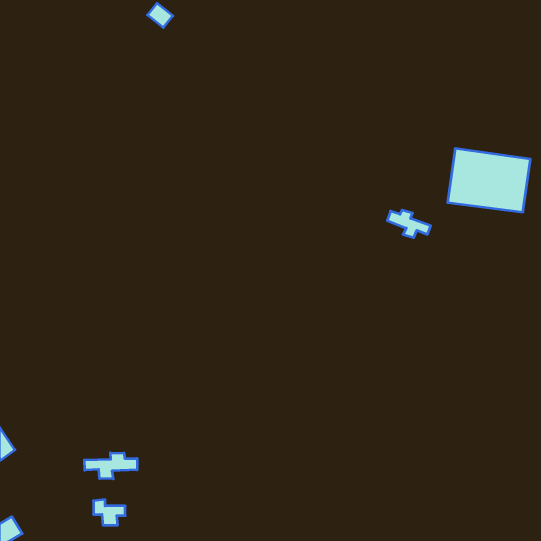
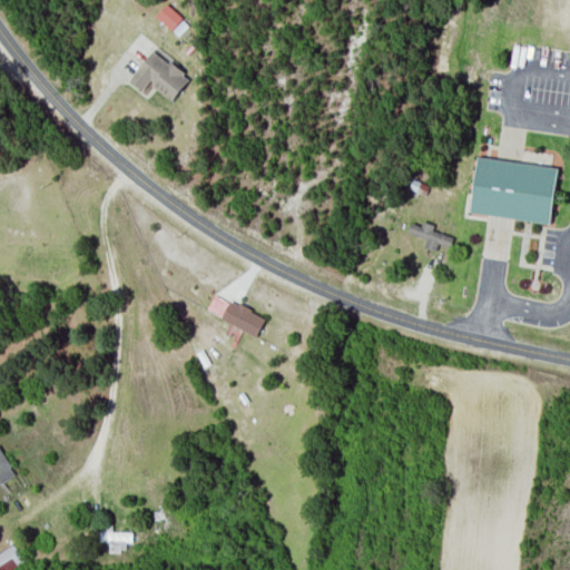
building: none -> [129,50,189,101]
building: none -> [205,294,265,336]
building: [84,453,137,479] -> none

